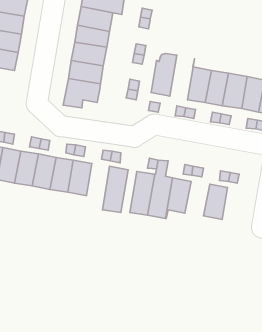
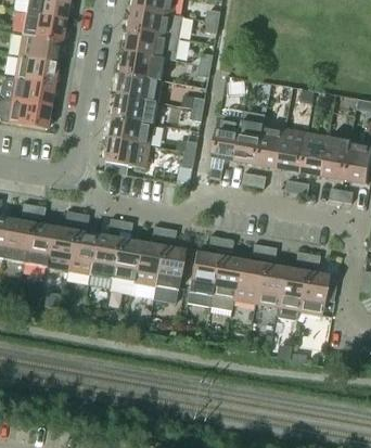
building: none -> [234,110,265,164]
building: none -> [129,242,161,298]
building: none -> [253,264,283,306]
building: none -> [298,271,335,315]

